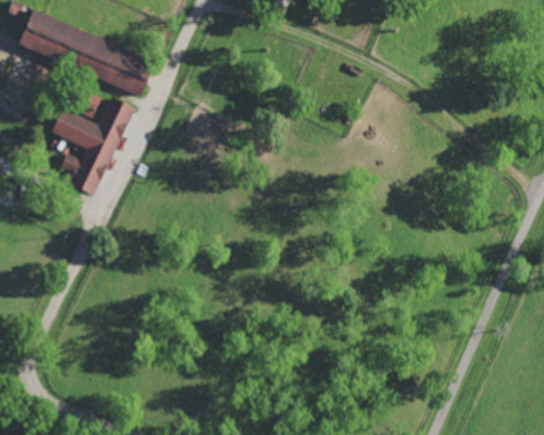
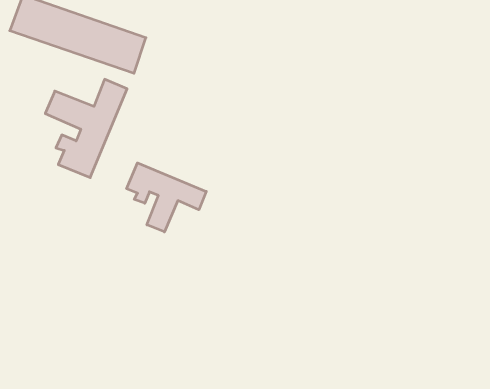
building: none -> [127,163,206,232]

